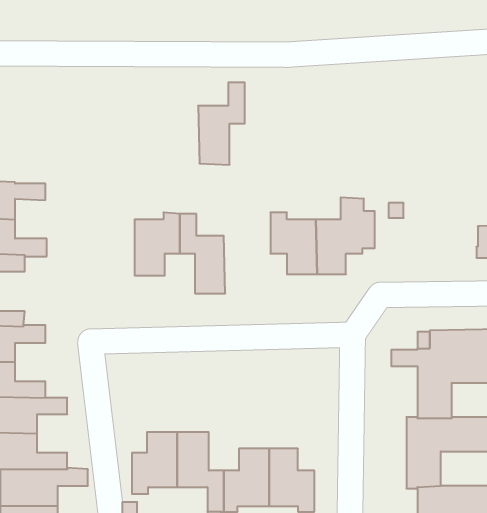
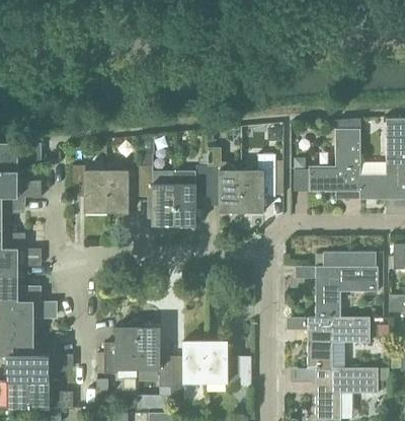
building: [198,82,245,165] -> [172,165,207,226]
building: none -> [309,129,360,191]
building: none -> [73,166,106,212]

